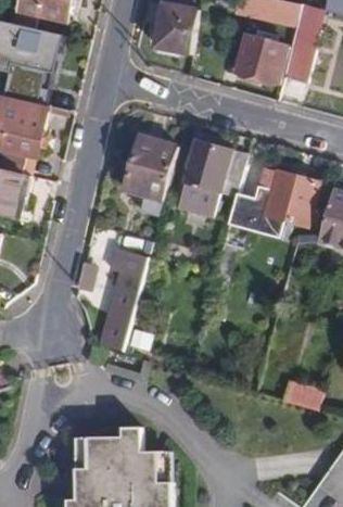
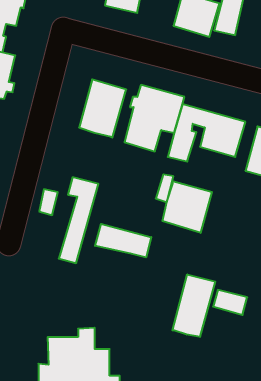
building: none -> [162,181,212,233]
building: none -> [95,224,151,257]
building: none -> [172,274,215,337]

